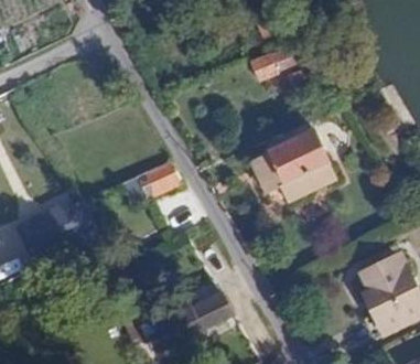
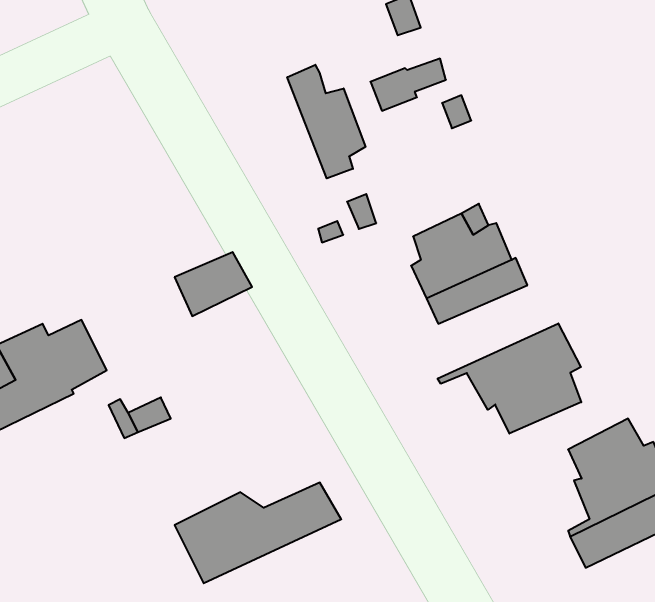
building: none -> [287,65,365,178]
building: none -> [438,323,581,434]

